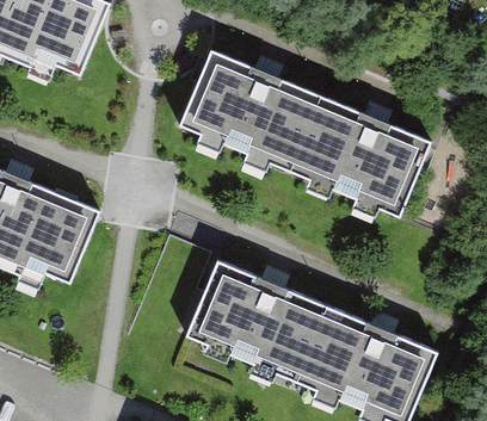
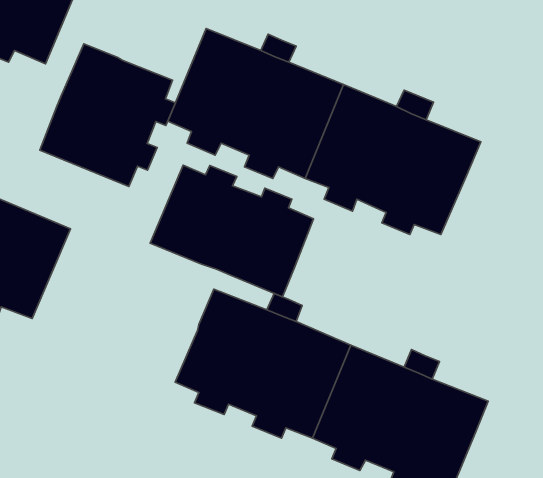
building: none -> [40,44,176,186]
building: none -> [150,165,313,297]

